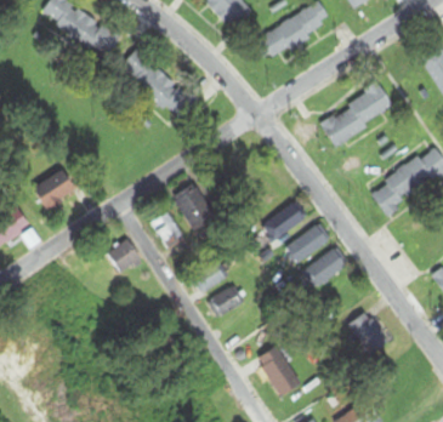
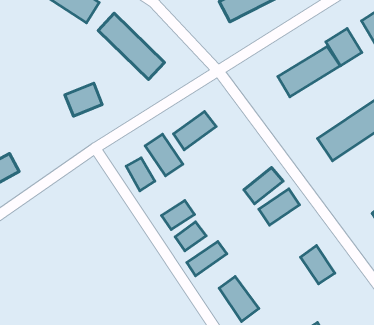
building: none -> [326,29,362,66]
building: [35,170,78,207] -> [65,83,102,116]
building: [261,199,309,243] -> [173,111,216,150]
building: [107,236,142,273] -> none
building: none -> [187,241,227,276]

